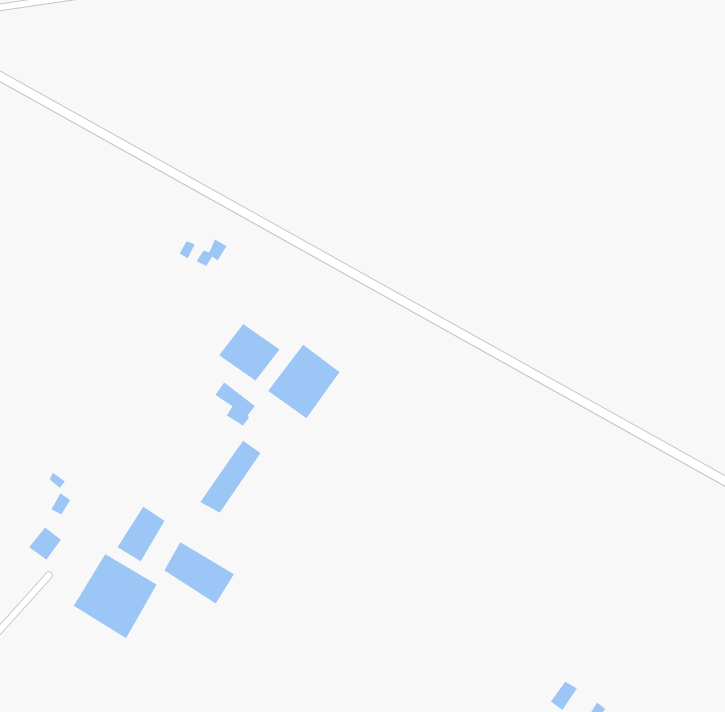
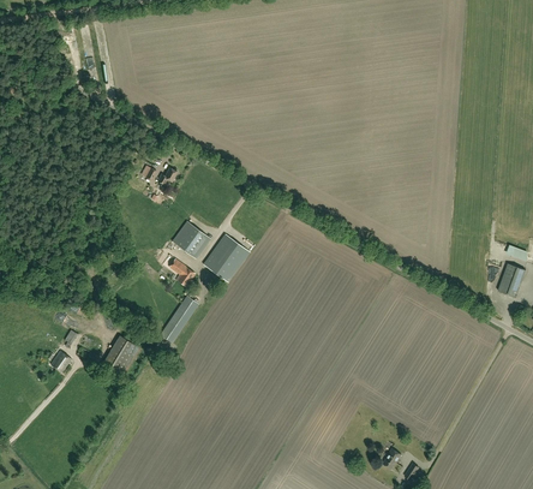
building: [164,541,235,604] -> none
building: [73,553,158,639] -> none

